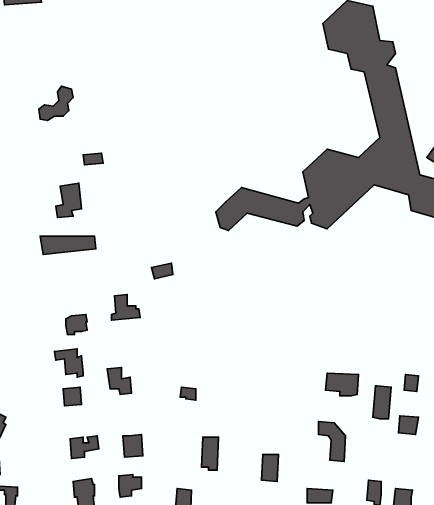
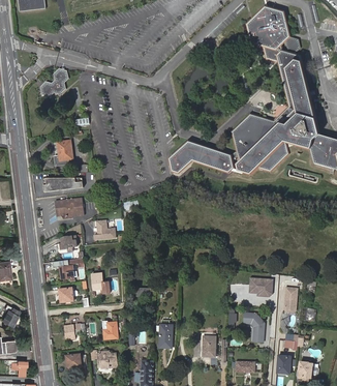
building: none -> [57,199,83,219]

